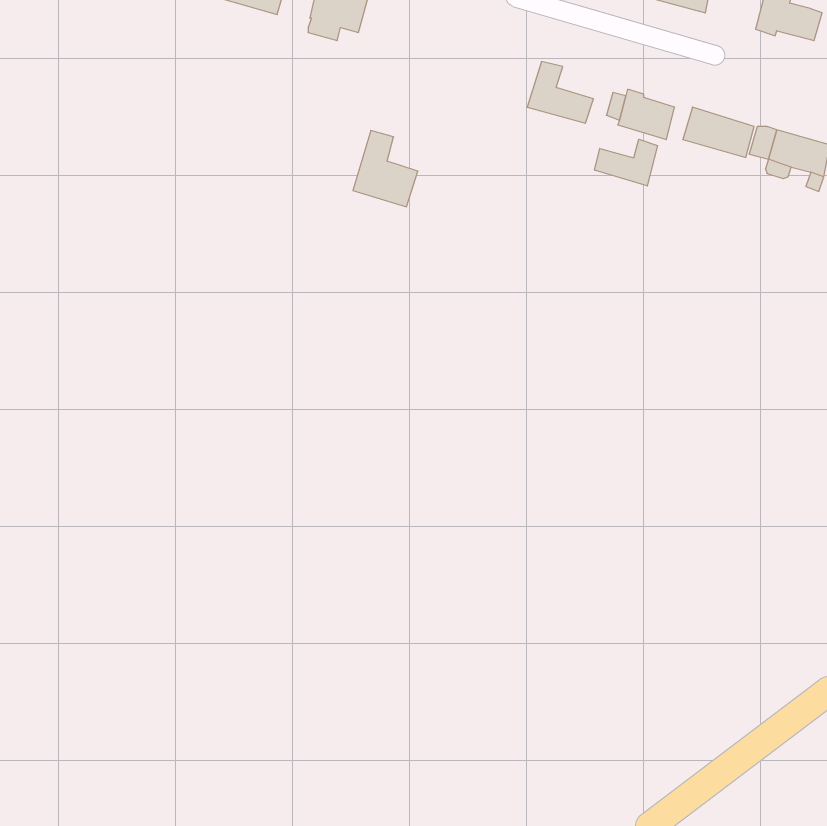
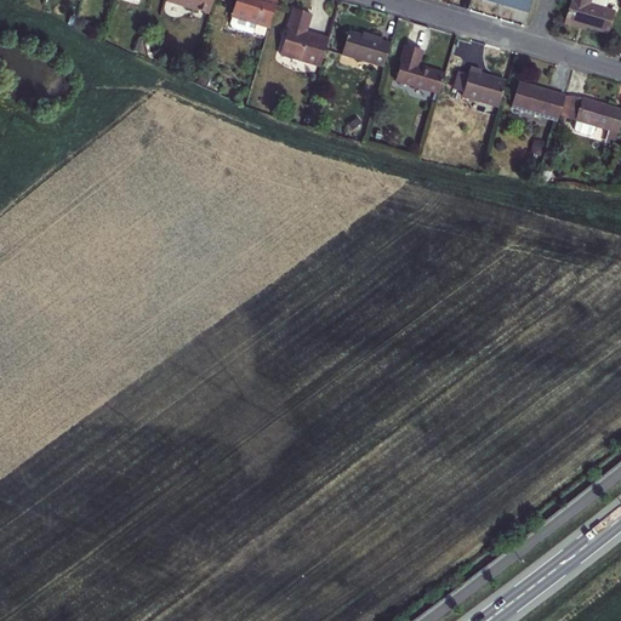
building: none -> [342,30,391,65]
building: [353,130,418,207] -> [281,7,330,64]
building: [594,139,657,186] -> none

